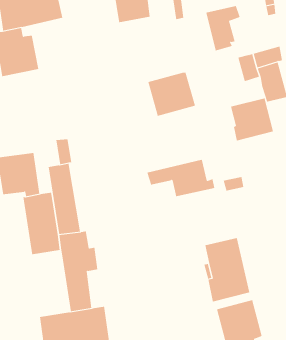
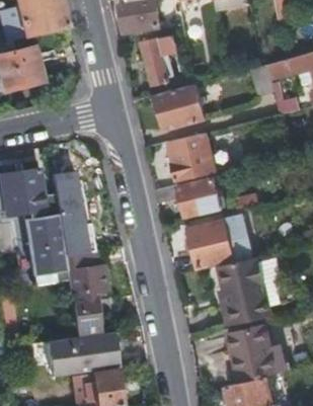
building: [206,6,240,51] -> [142,36,178,84]
building: [230,98,274,141] -> [169,134,215,179]
building: none -> [188,216,250,270]

